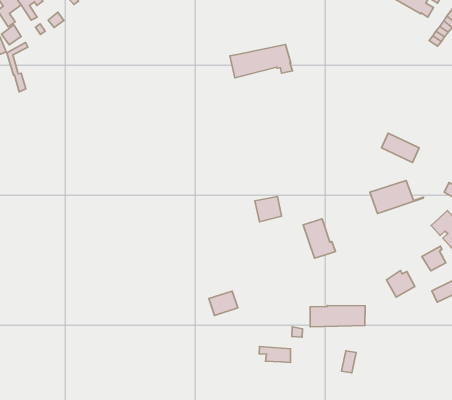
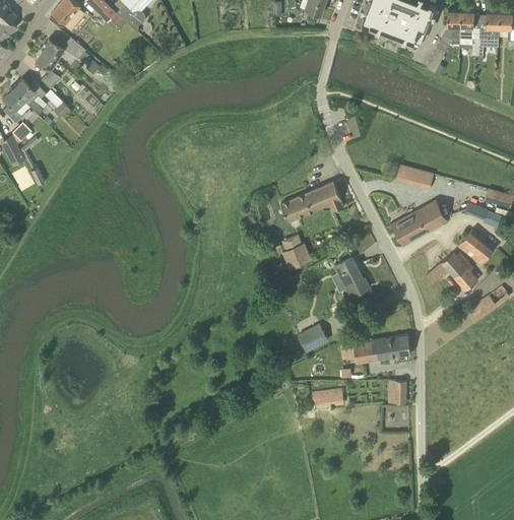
building: [230,44,293,78] -> [281,181,344,221]
building: [386,271,415,297] -> [442,251,470,277]
building: [209,291,238,315] -> [299,324,328,350]

